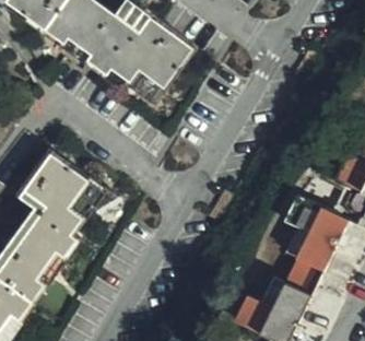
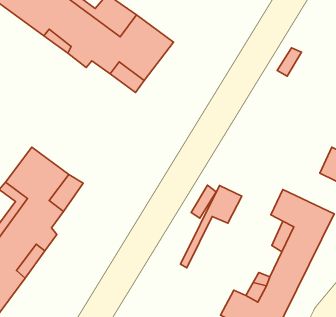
building: none -> [181,185,242,268]

